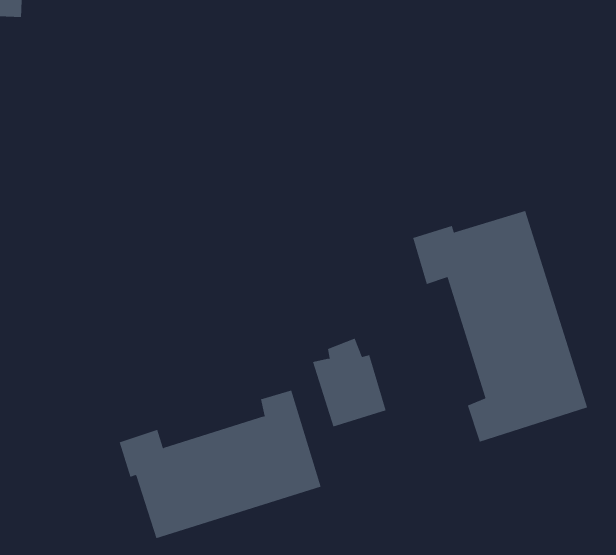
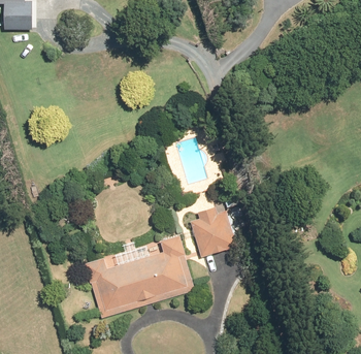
building: [412,210,588,443] -> none

